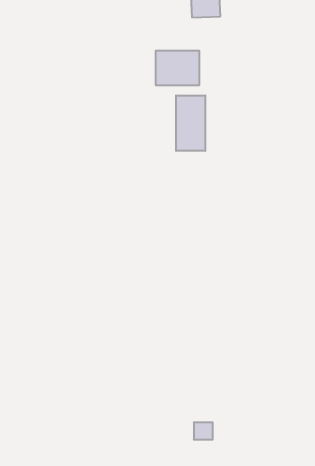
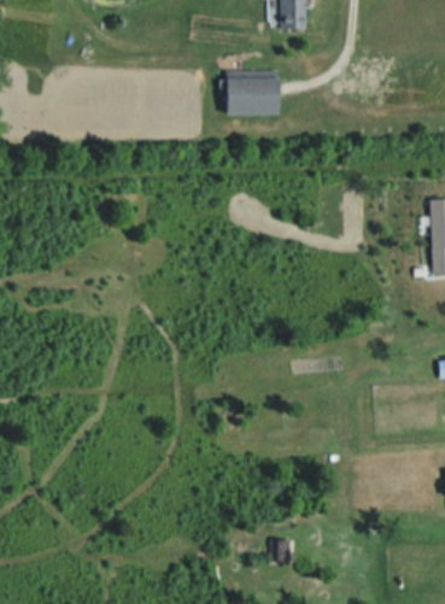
building: [176,95,205,151] -> none

